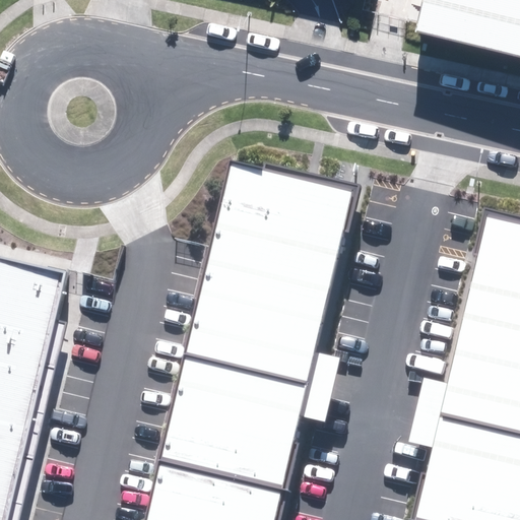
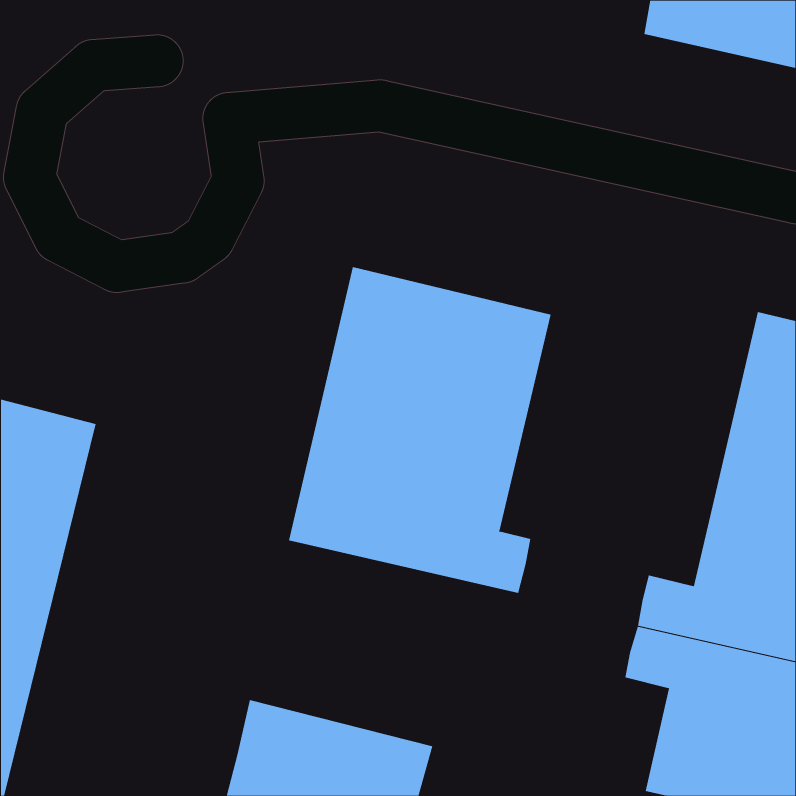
building: [162,352,338,486] -> none

